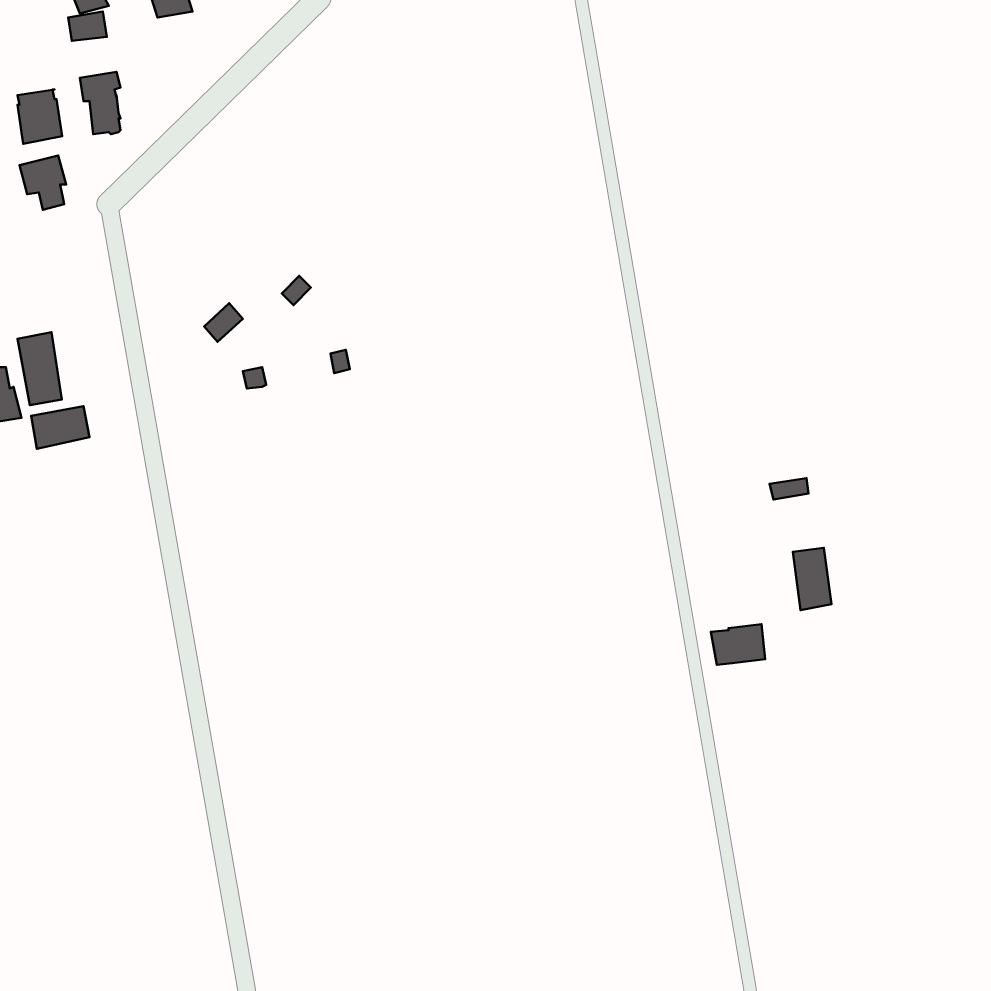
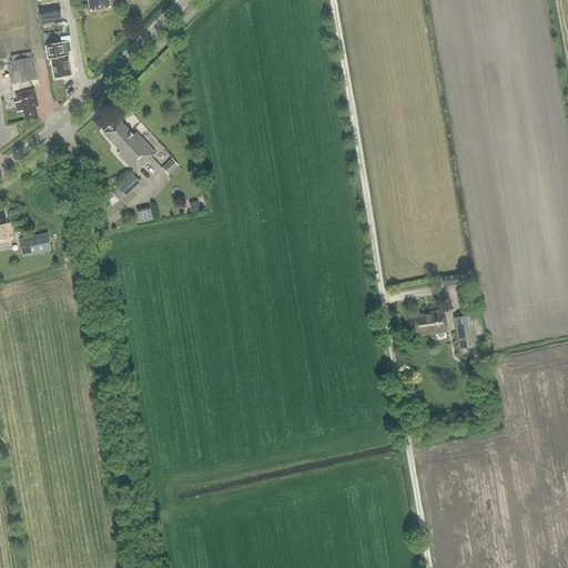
building: none -> [102,118,155,170]
building: [18,332,62,405] -> none
building: [711,624,765,665] -> [413,311,444,334]

